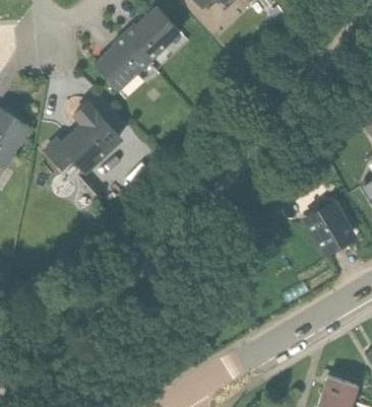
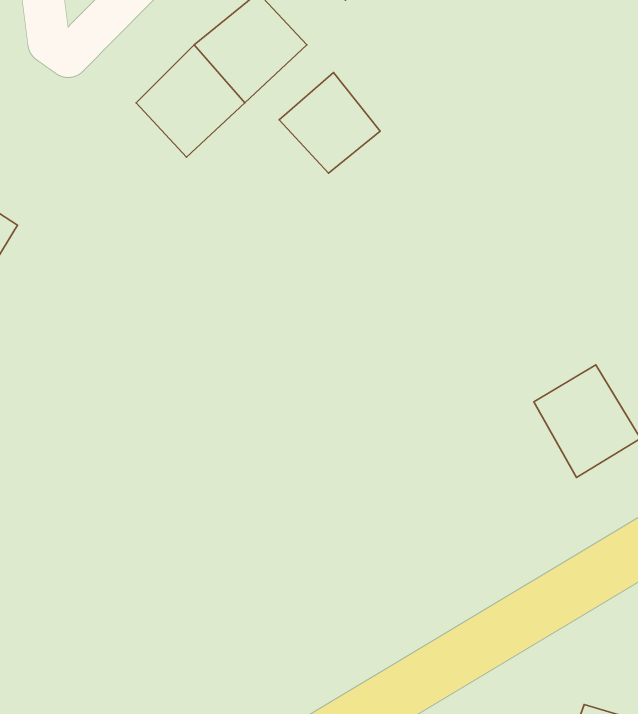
building: none -> [279,73,380,173]
building: [42,100,122,175] -> none

